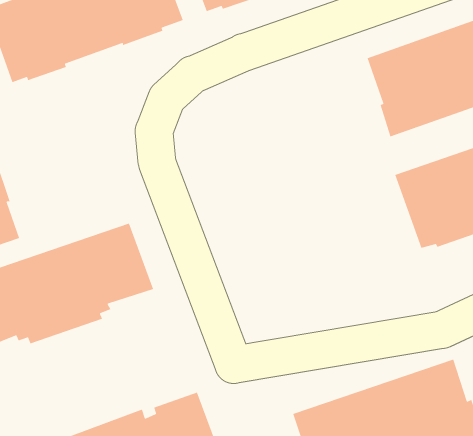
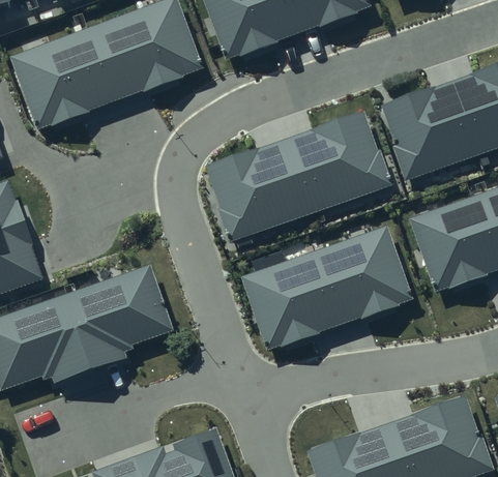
building: none -> [205,111,393,243]
building: none -> [242,225,416,348]

